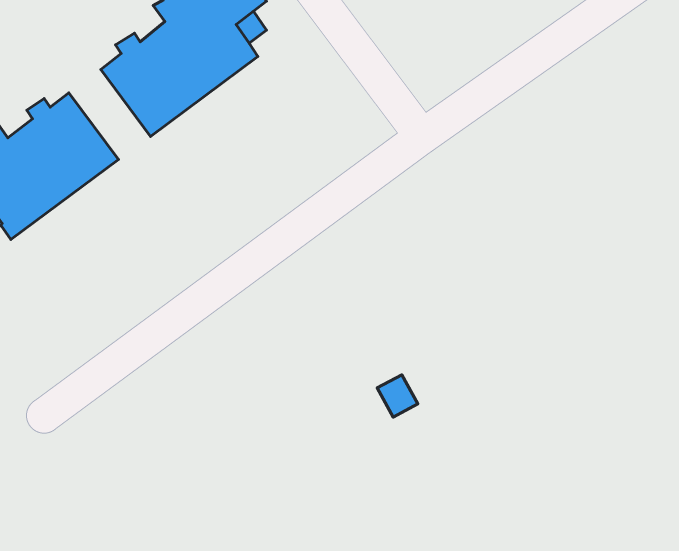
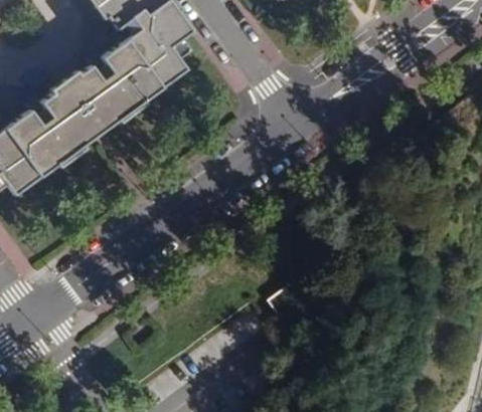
building: none -> [56,77,113,140]

